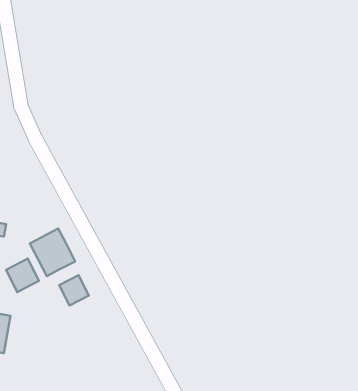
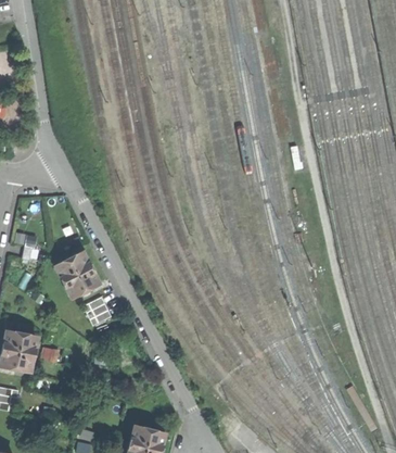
building: [6,259,39,292] -> none

